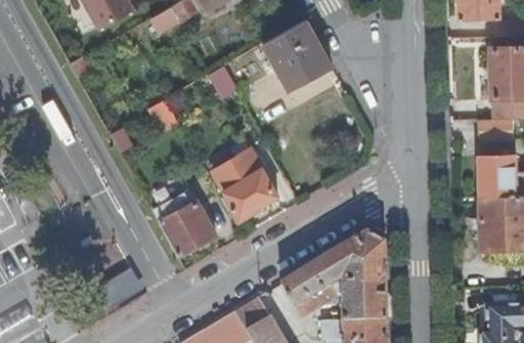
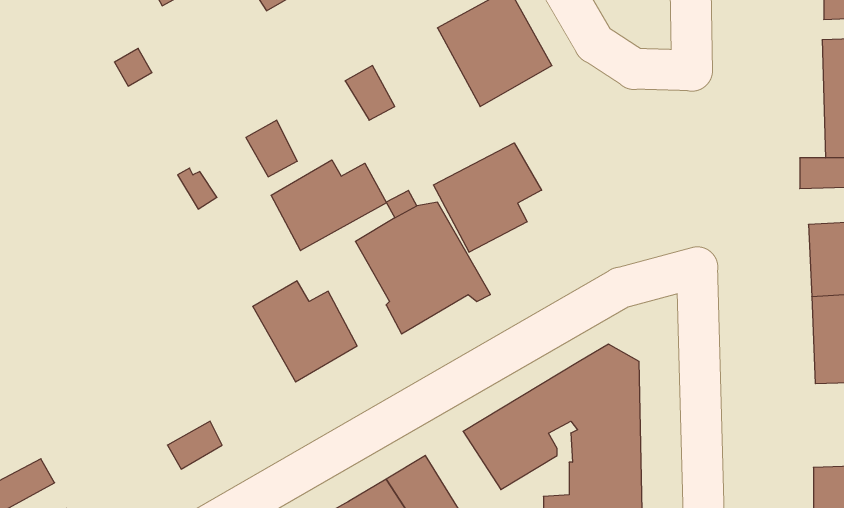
building: none -> [433,143,542,252]
building: none -> [271,160,386,251]

